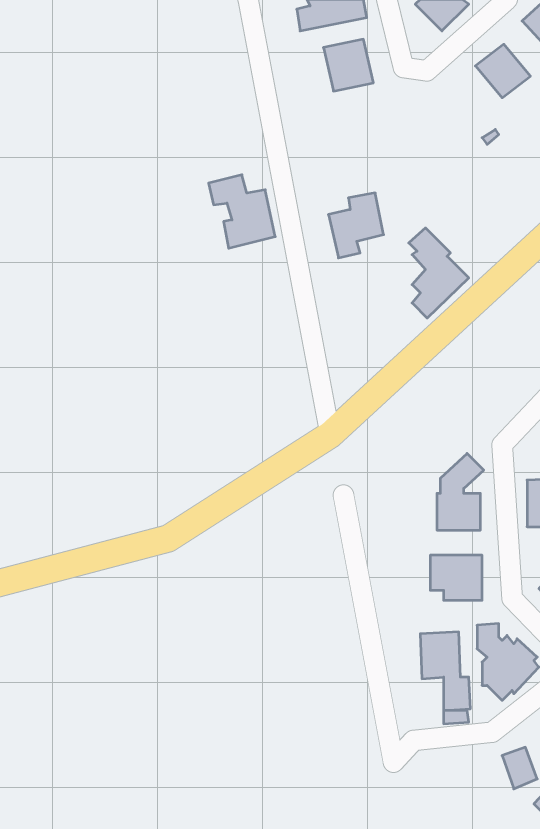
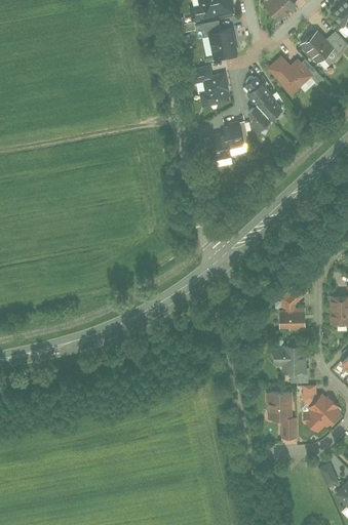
building: none -> [266,56,313,97]
building: [209,175,275,248] -> [190,65,231,110]
building: [409,228,469,318] -> [245,78,282,133]

